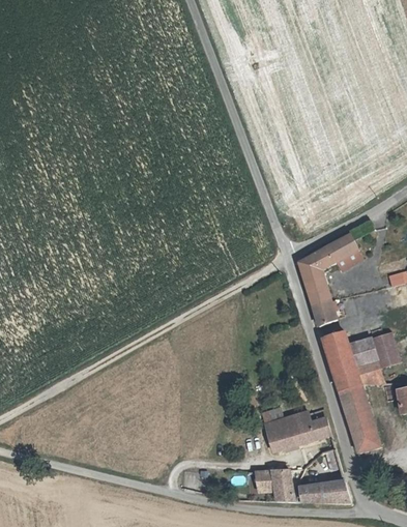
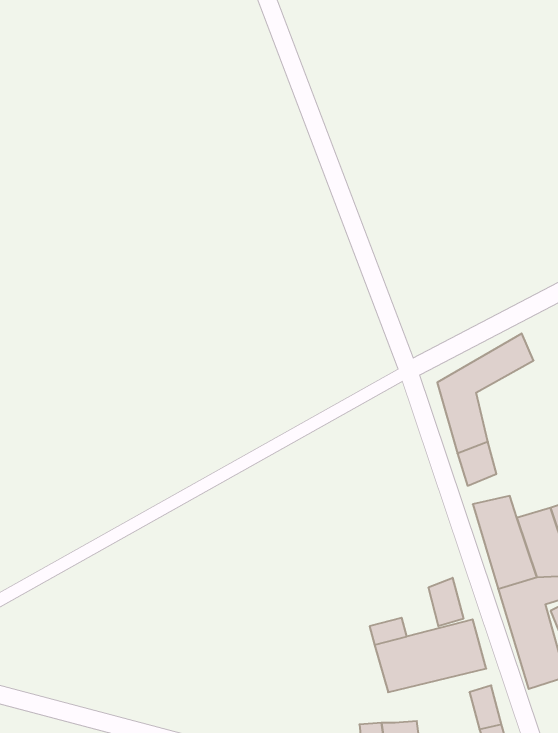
building: none -> [429,578,463,626]

